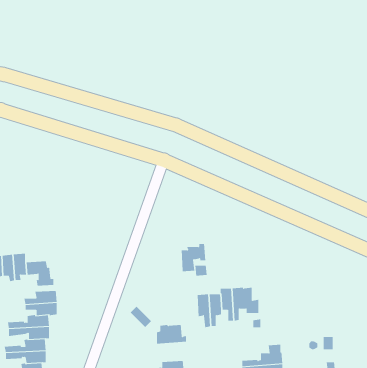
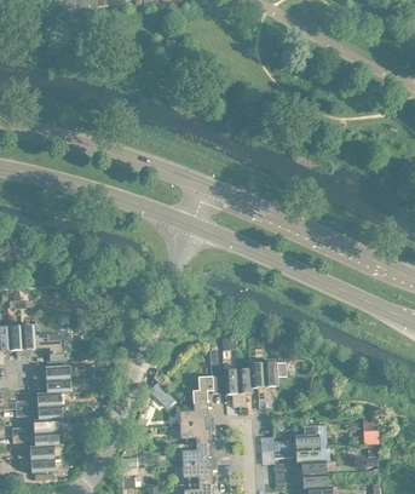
building: [181,243,206,272] -> [191,373,219,404]
building: none -> [179,423,214,444]

